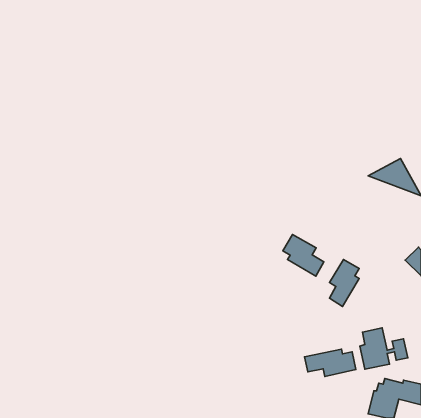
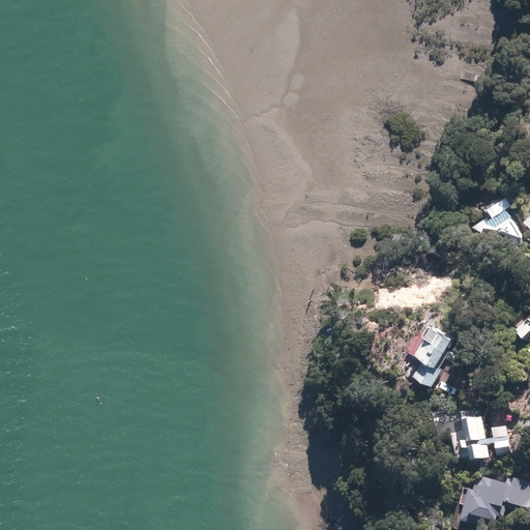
building: [283,234,324,276] -> none
building: [304,349,356,376] -> none

